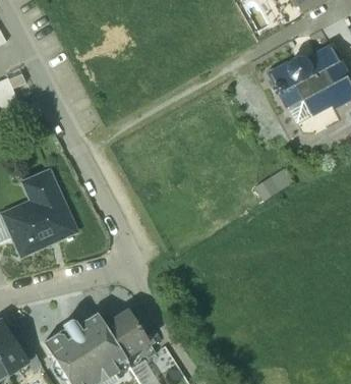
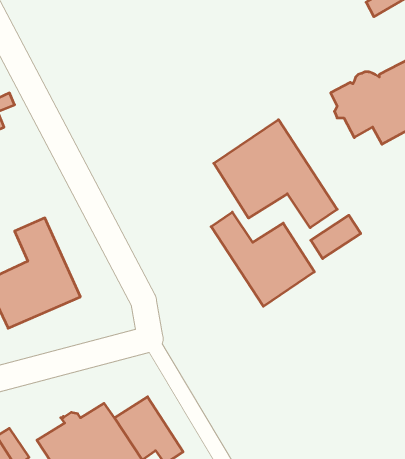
building: none -> [214,120,337,228]
building: none -> [211,212,314,306]

